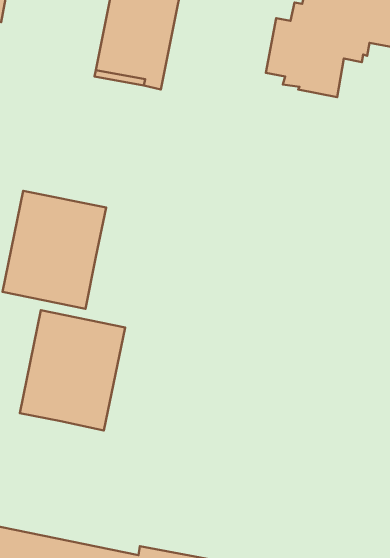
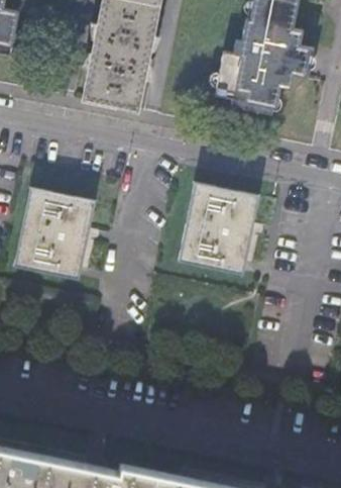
building: none -> [179,183,258,274]
building: [20,310,125,430] -> none

